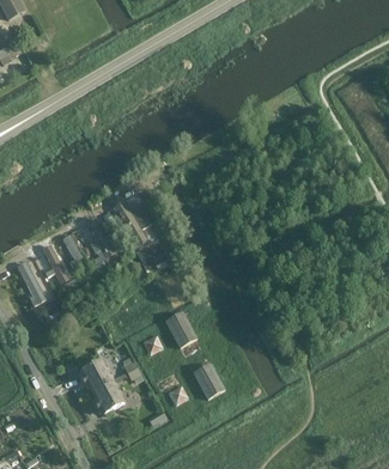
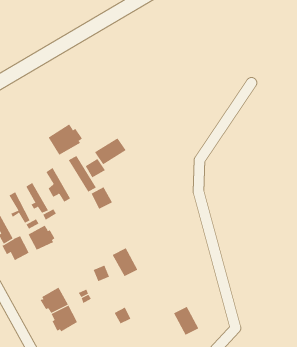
building: none -> [48,123,82,156]
building: none -> [94,137,126,165]
building: none -> [28,225,55,251]
building: [193,364,224,398] -> [173,306,199,335]

